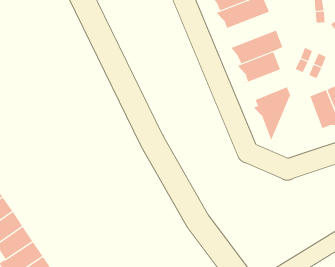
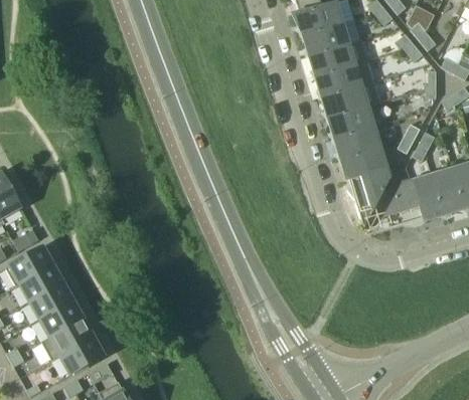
building: none -> [320,79,380,117]
building: none -> [338,146,387,178]
building: none -> [374,179,423,232]

